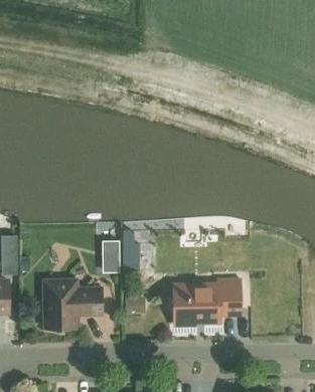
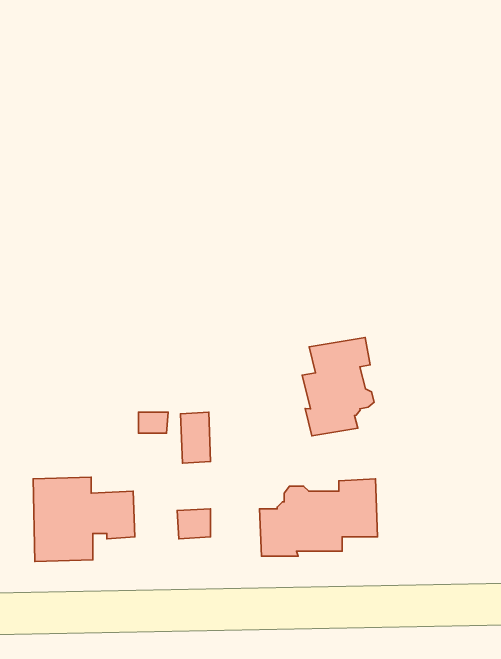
building: none -> [302,337,374,436]

